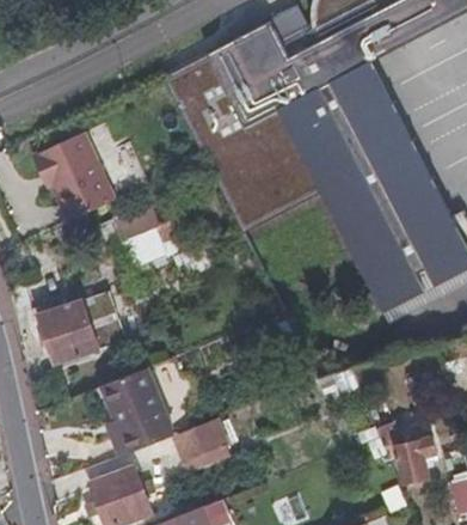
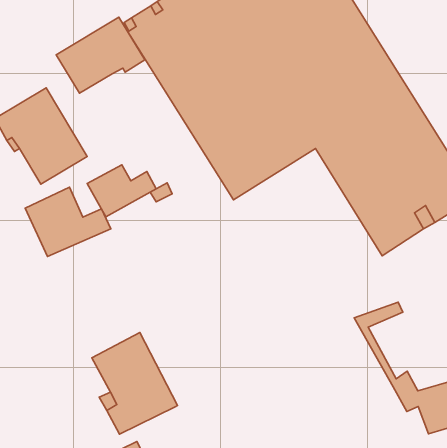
building: none -> [56,17,145,93]
building: [38,298,116,360] -> [25,187,111,257]
building: [174,419,227,462] -> none

